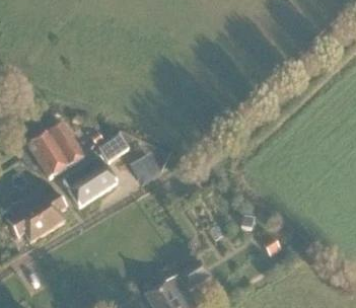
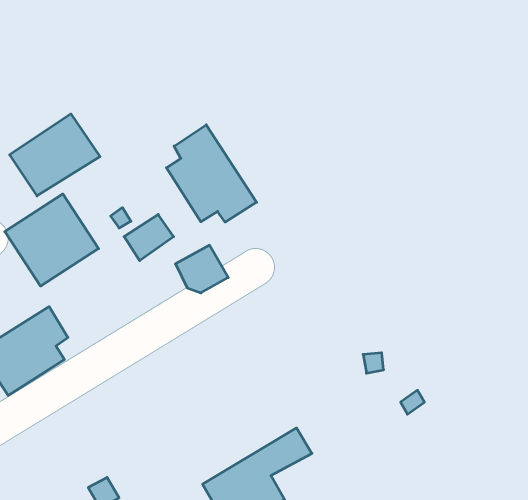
building: none -> [166,125,257,222]
building: [63,156,117,205] -> [10,114,100,196]

